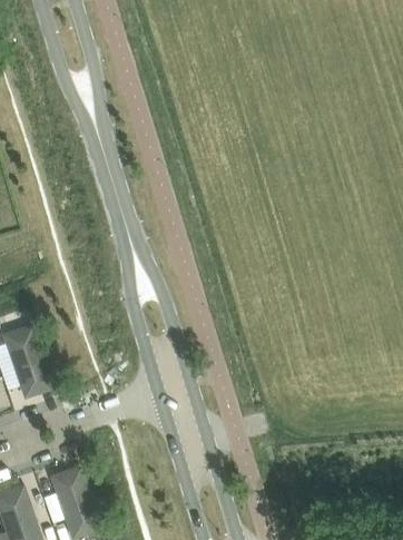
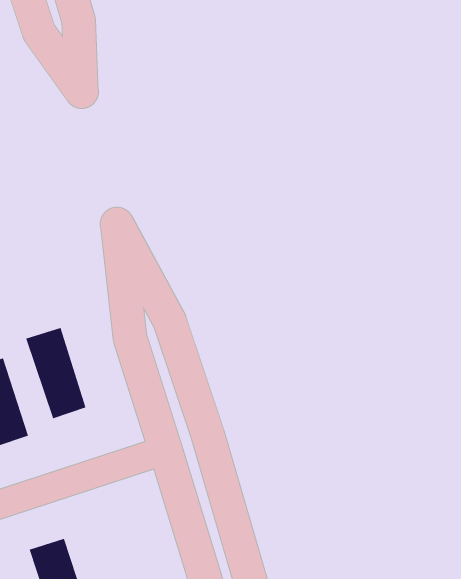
building: none -> [25,327,86,419]

